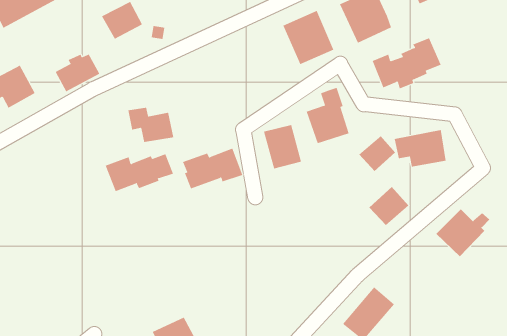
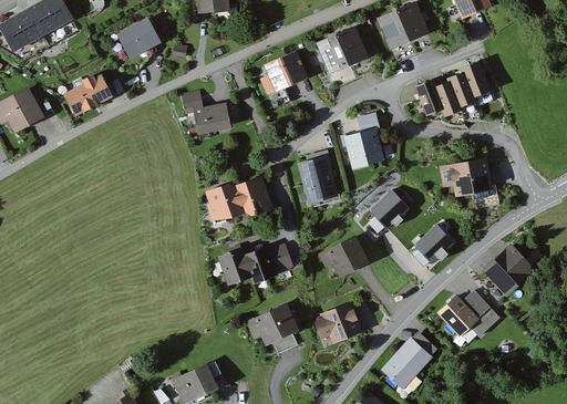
building: none -> [260,52,308,112]
building: [127,107,174,142] -> [181,97,231,136]
building: [358,135,396,172] -> [364,186,405,226]
building: [105,153,174,192] -> [218,244,293,286]
building: none -> [318,234,371,279]
building: none -> [436,290,499,339]
building: none -> [245,301,301,348]
building: none -> [311,302,361,346]

